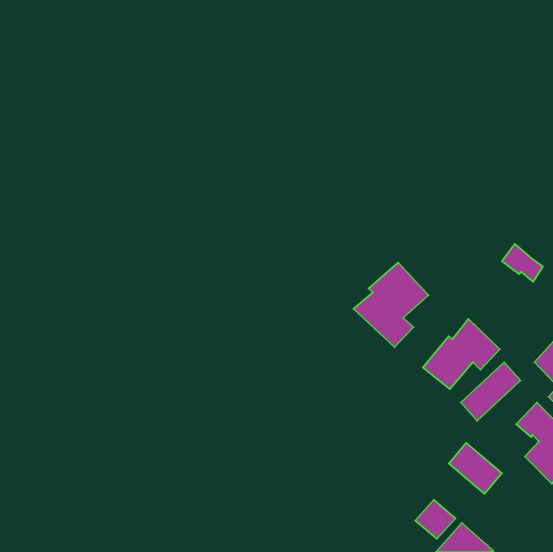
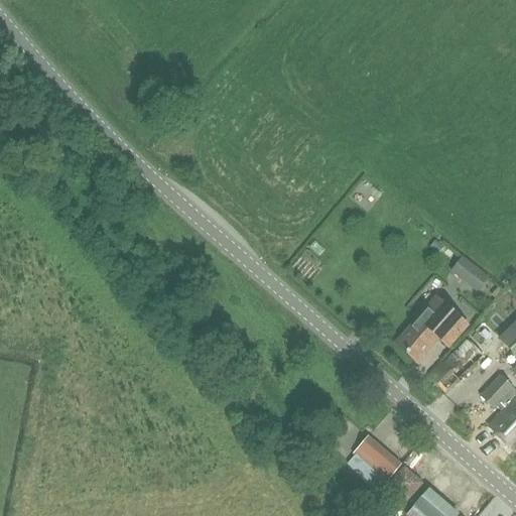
building: [502,244,543,282] -> [449,255,488,290]
building: [353,262,429,347] -> none
building: [449,443,502,494] -> [353,433,402,481]

